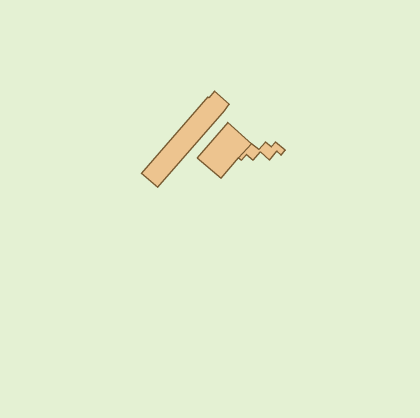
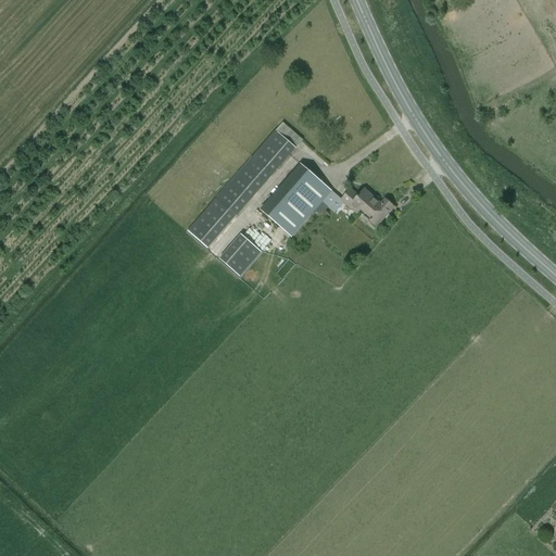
building: none -> [356,198,394,225]
building: none -> [222,236,262,276]

